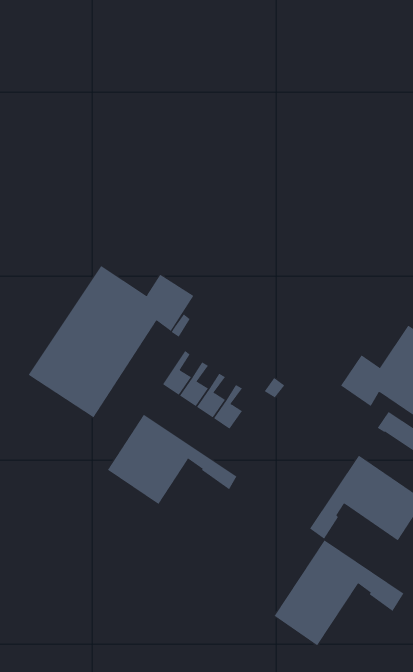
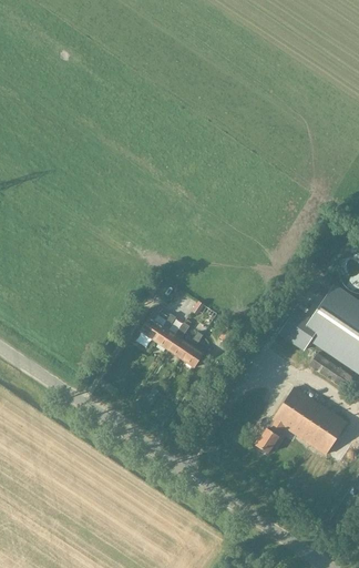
building: [28,265,194,418] -> none
building: [107,414,237,505] -> none
building: [274,540,404,646] -> none

